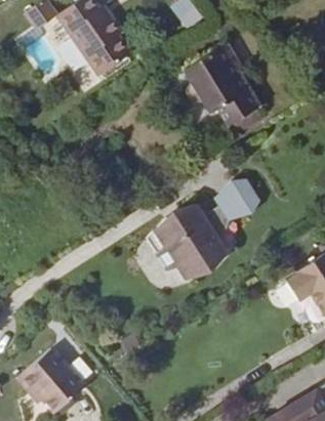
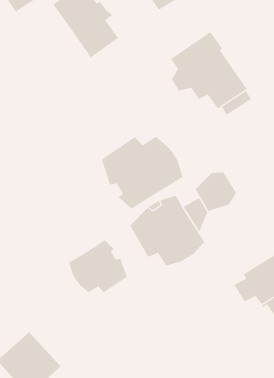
building: none -> [101,136,183,210]
building: none -> [69,240,127,293]

